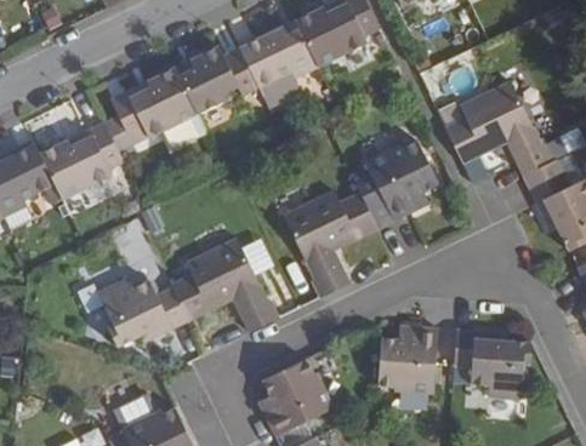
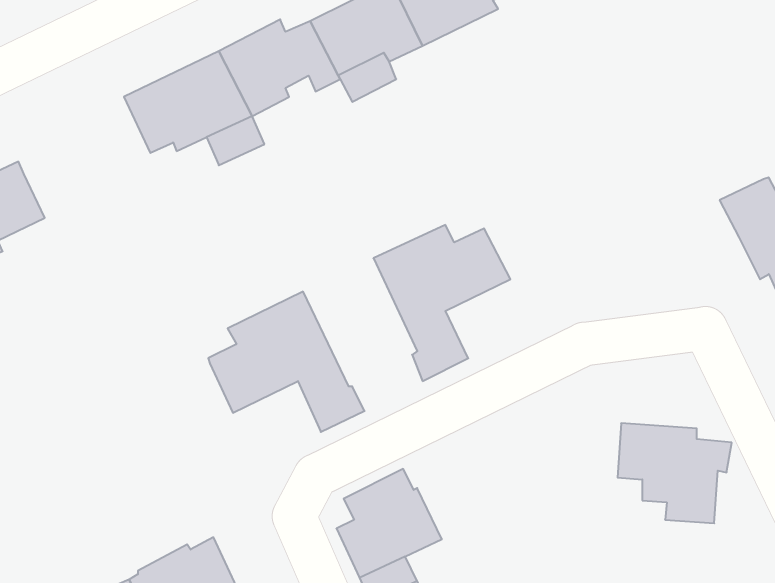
building: [444,76,552,172] -> none
building: [41,124,124,199] -> none
building: [353,141,437,227] -> none
building: [95,275,186,344] -> none
building: [375,322,454,390] -> none

